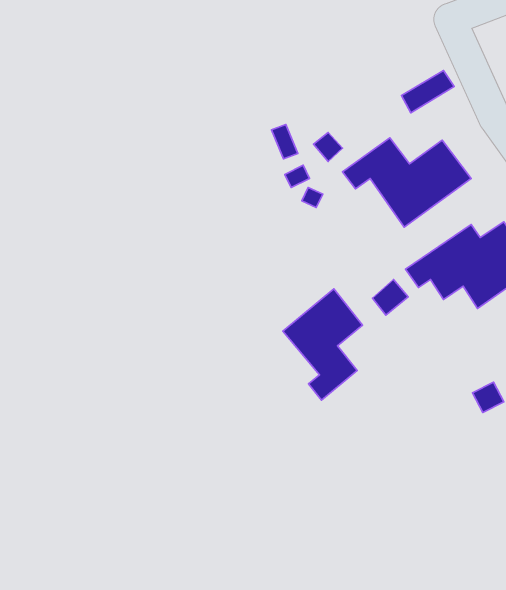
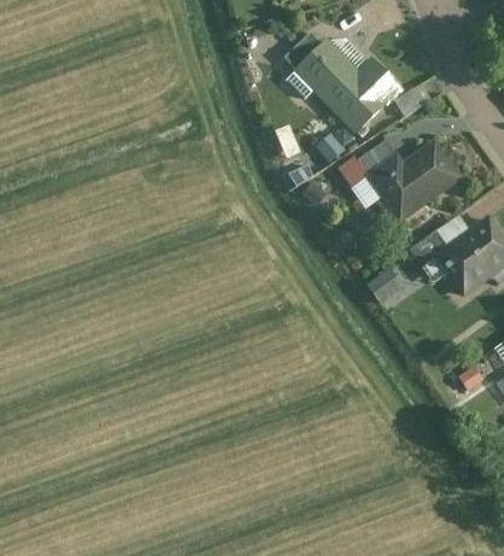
building: none -> [287,33,403,133]
building: [283,289,362,400] -> none

